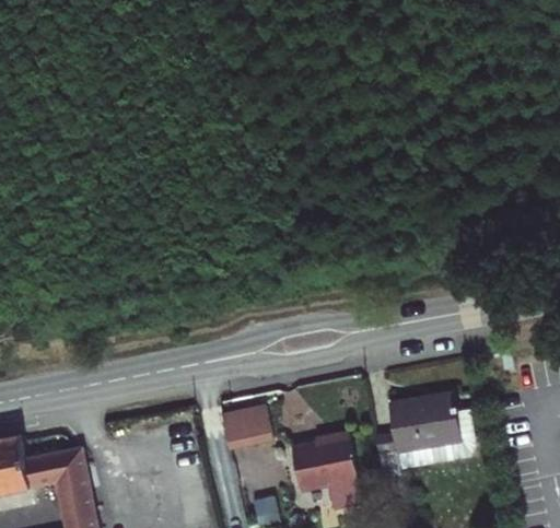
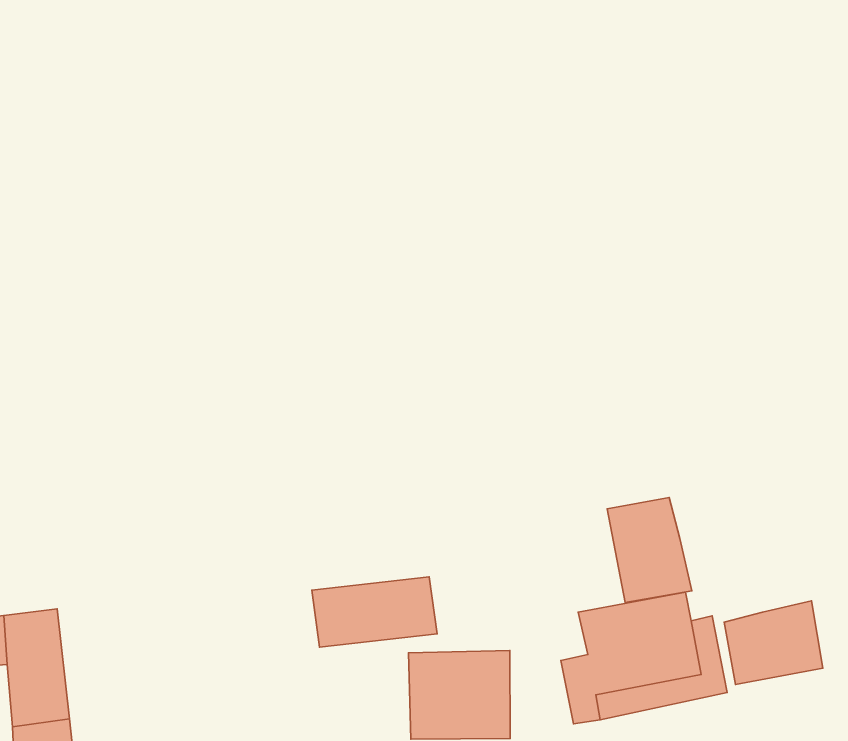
building: none -> [607,497,692,602]
building: none -> [724,601,823,685]

